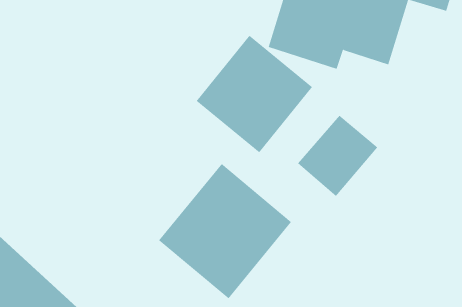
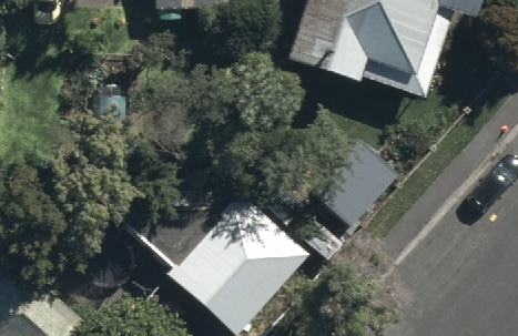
building: [196,35,313,153] -> none

